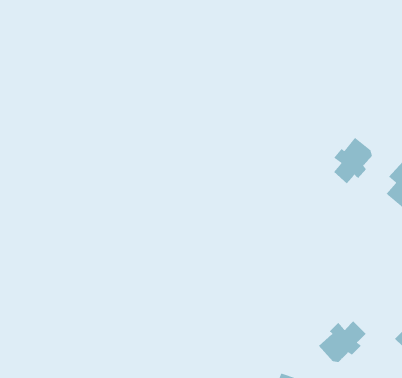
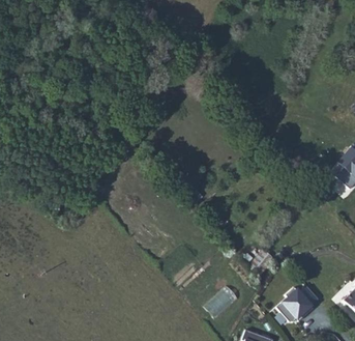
building: [333,137,373,184] -> none

